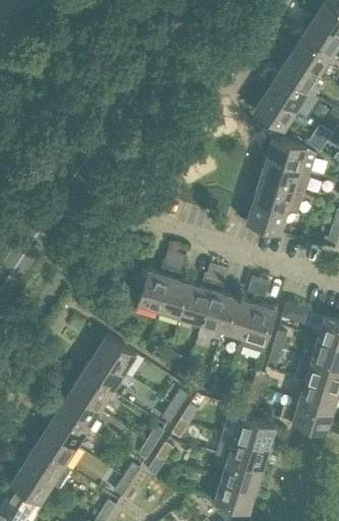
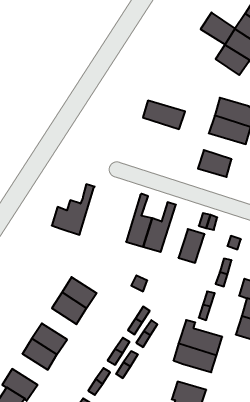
building: [255,91,296,129] -> [201,12,235,44]
building: [253,180,304,215] -> [143,101,185,129]
building: [126,250,178,311] -> [52,184,95,235]
building: [199,267,234,340] -> none
building: [240,302,276,353] -> none
building: [94,335,136,373] -> none
building: [58,392,100,429] -> none
building: [22,447,71,488] -> none
building: [222,459,263,490] -> none

